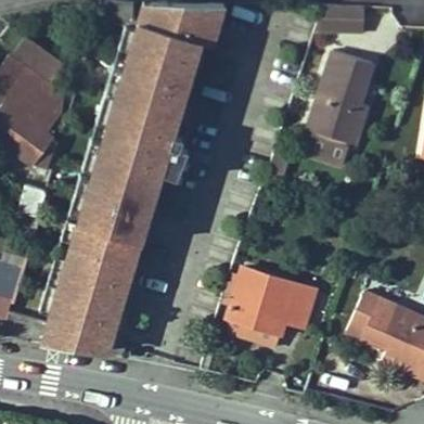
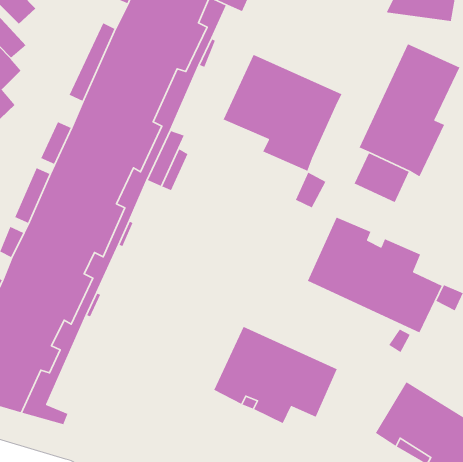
building: none -> [223,54,342,172]
building: none -> [307,217,443,334]

